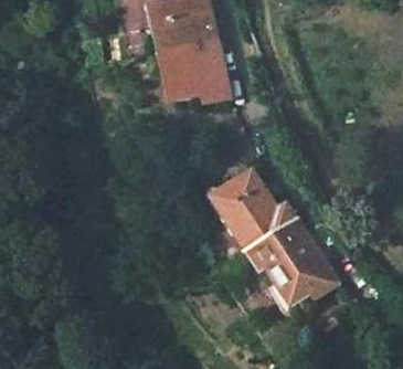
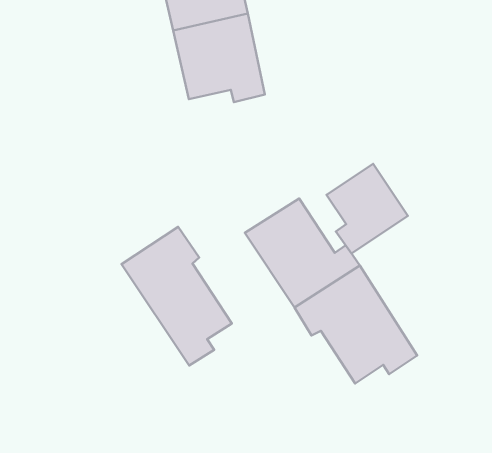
building: none -> [327,164,408,253]
building: none -> [122,227,232,366]

